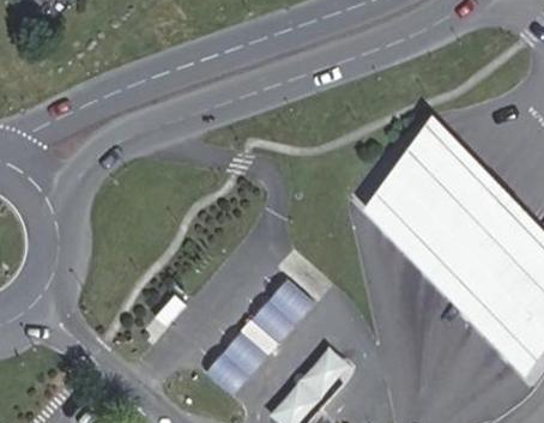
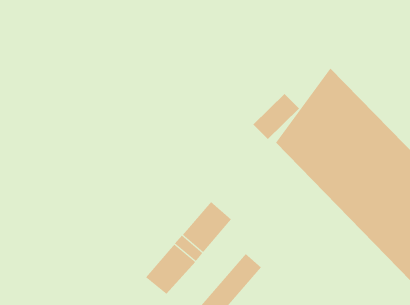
building: none -> [253,93,300,140]

